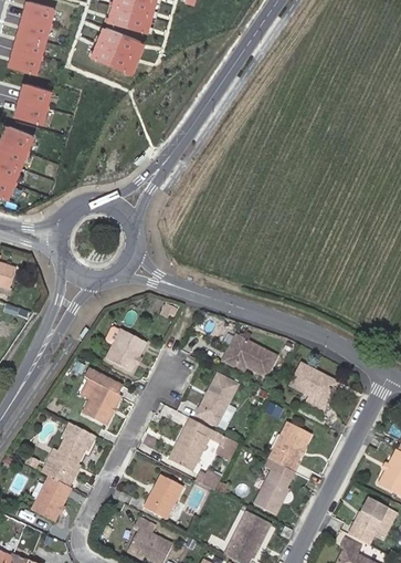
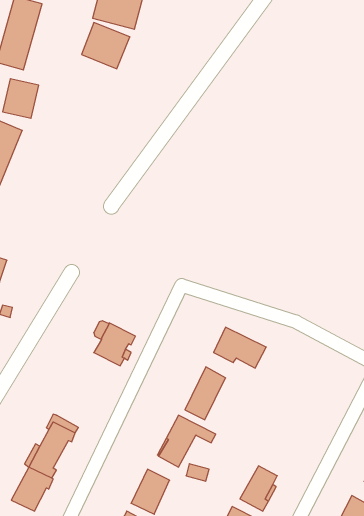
building: [287,365,333,416] -> none
building: [82,371,123,427] -> none
building: [267,423,310,473] -> none

